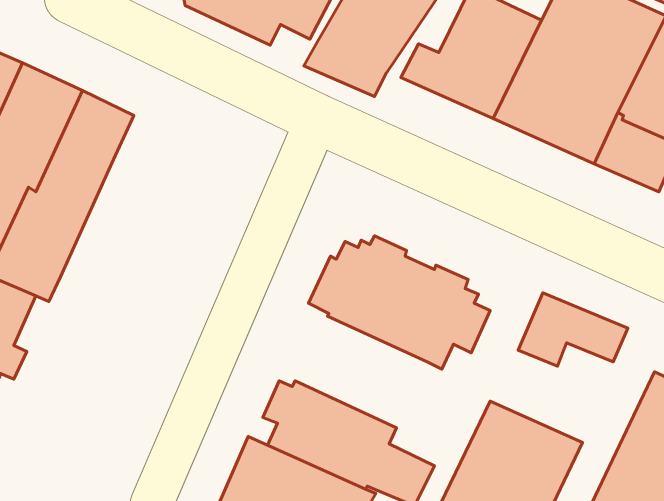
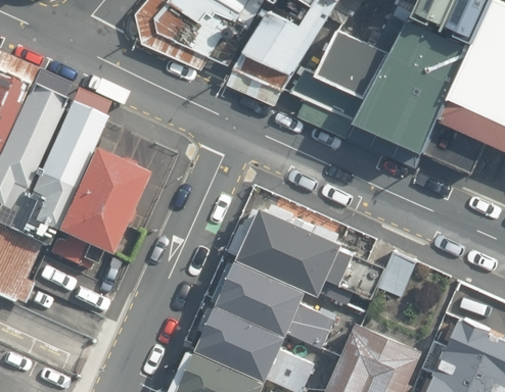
building: none -> [50,151,148,271]
building: none -> [211,260,335,348]

